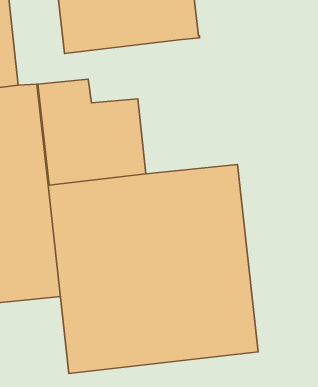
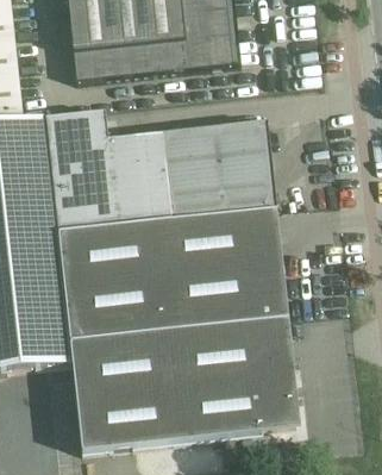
building: none -> [161,119,276,218]

